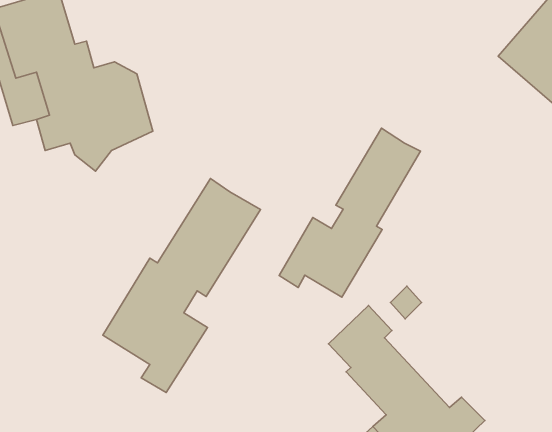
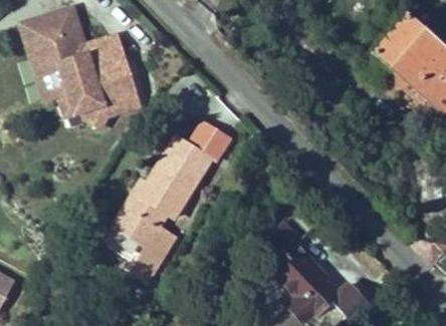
building: [279,128,420,297] -> none
building: none -> [191,121,230,158]

